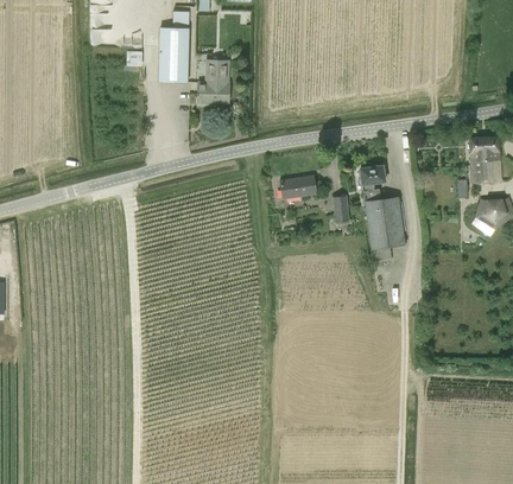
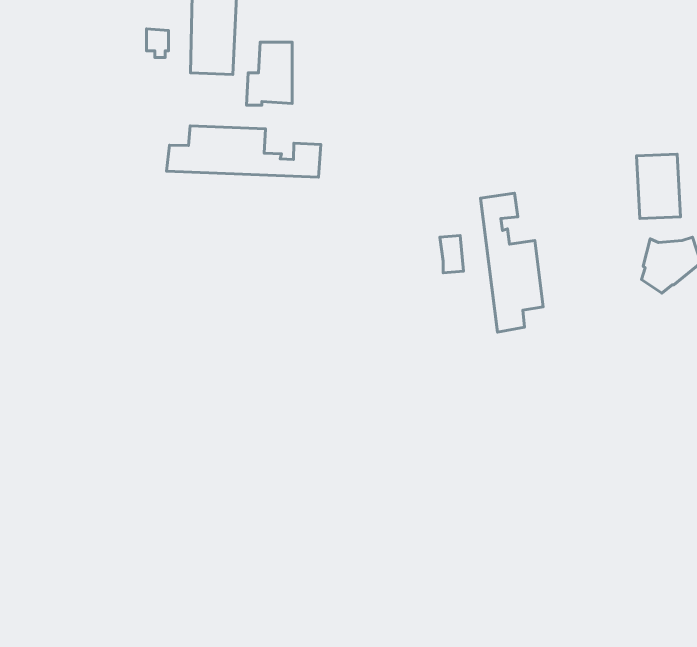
building: none -> [167,126,321,177]
building: [279,177,316,199] -> none

